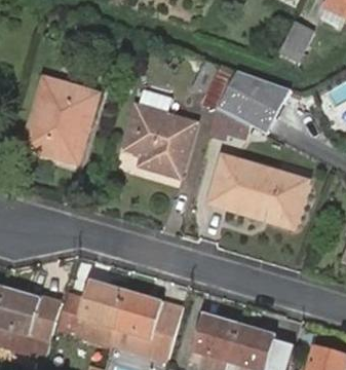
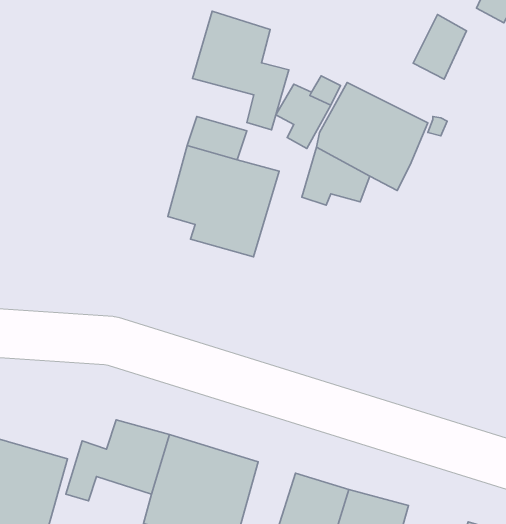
building: none -> [192,11,289,130]
building: [25,79,97,162] -> none
building: [213,158,311,225] -> none

